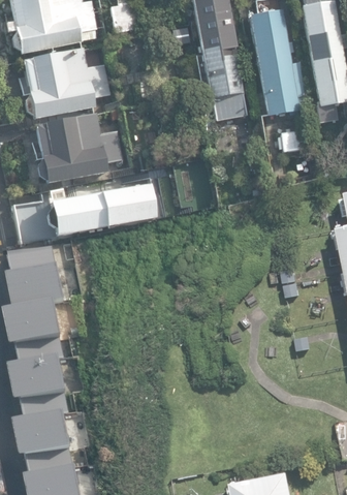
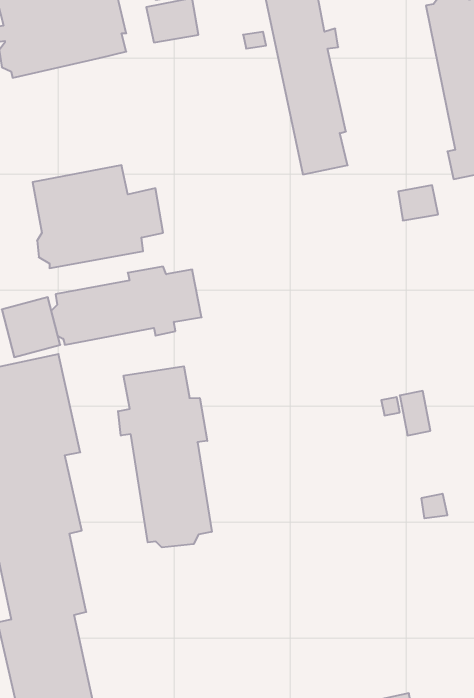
building: [248,11,307,117] -> none
building: [23,49,111,120] -> none
building: none -> [118,366,212,547]

